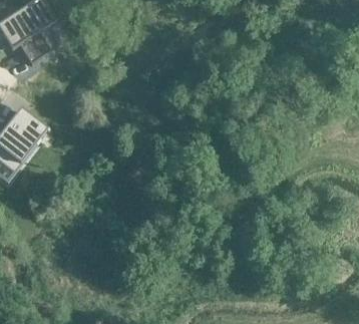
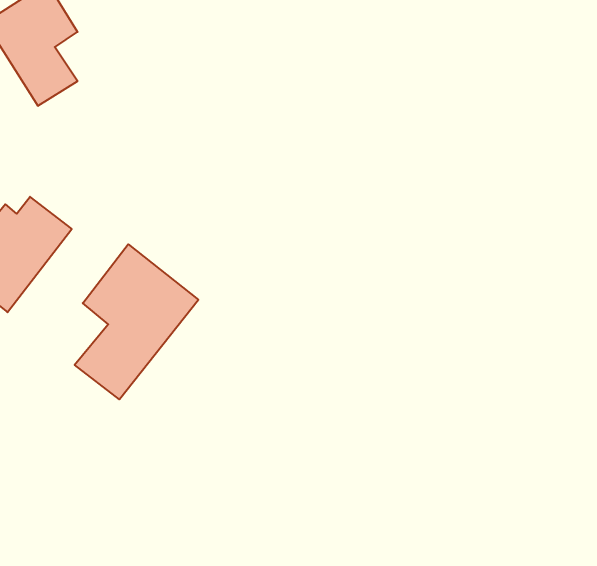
building: none -> [75,244,198,399]

